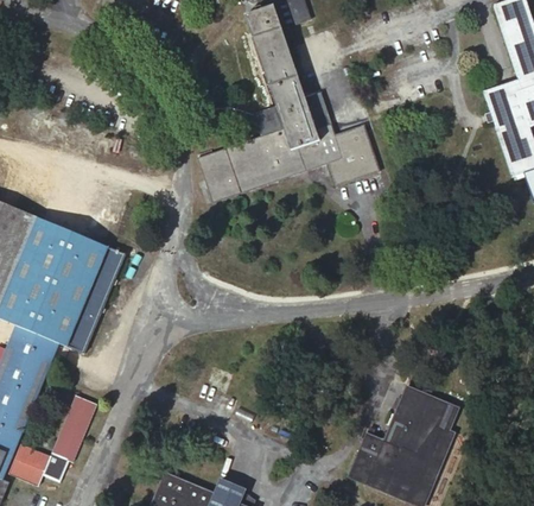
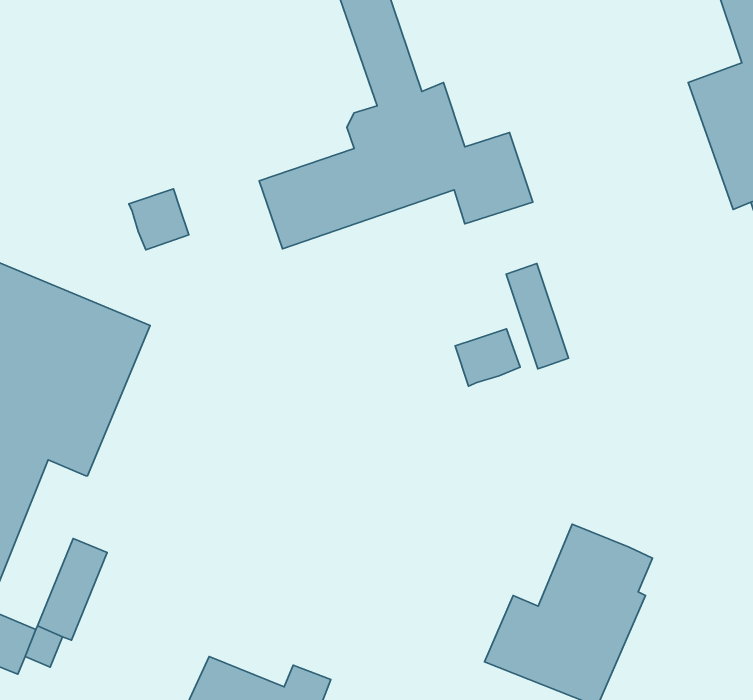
building: none -> [129,189,189,250]
building: none -> [506,263,569,369]
building: none -> [455,329,520,386]

